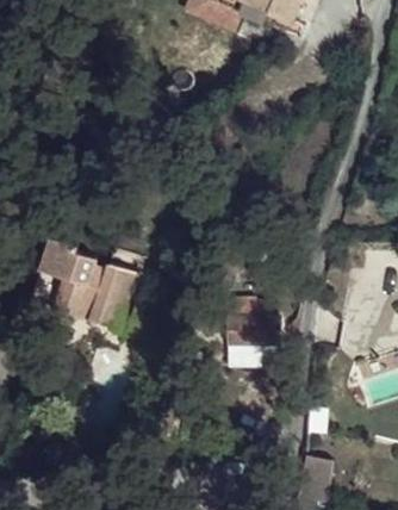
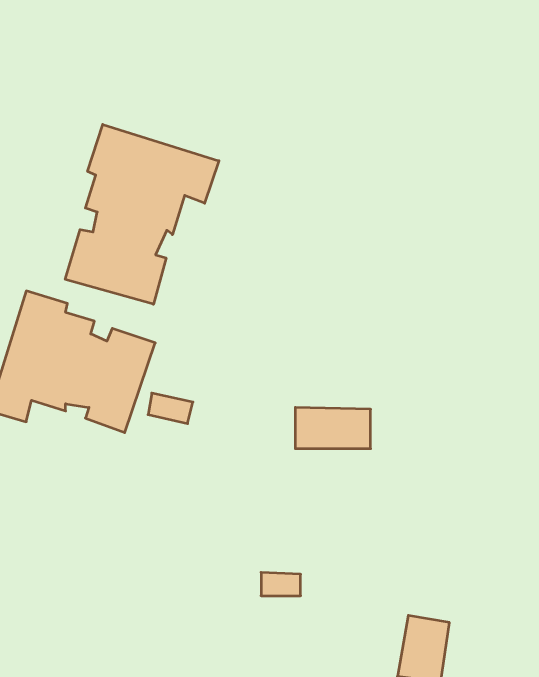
building: none -> [65,124,219,304]

